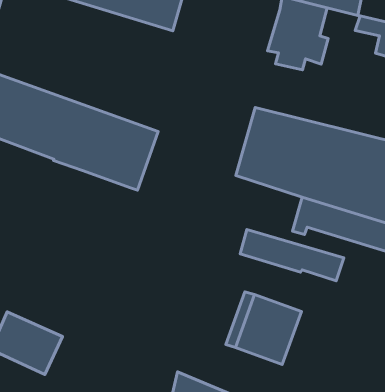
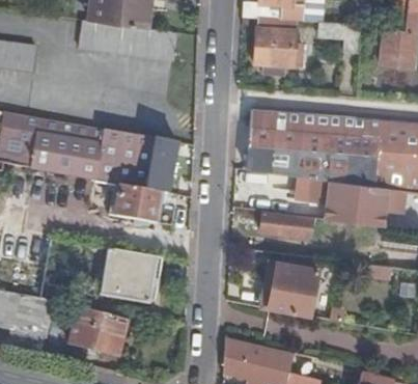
building: none -> [116,186,163,223]
building: none -> [101,248,164,305]

